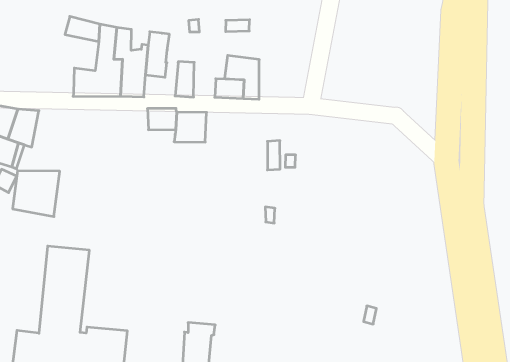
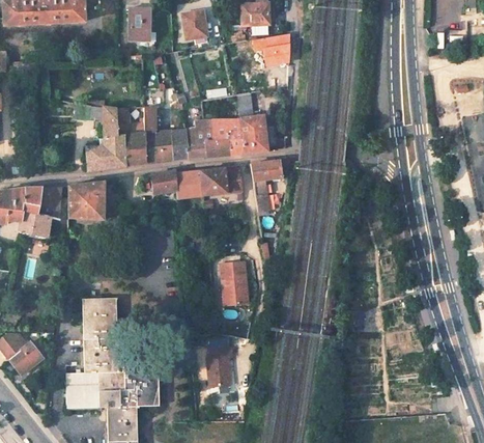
building: none -> [236,94,268,154]
building: none -> [186,120,212,159]
building: none -> [146,131,173,164]
building: none -> [252,160,282,182]
building: none -> [201,166,244,195]
building: [13,171,60,217] -> [68,182,104,220]
building: none -> [220,260,248,304]

